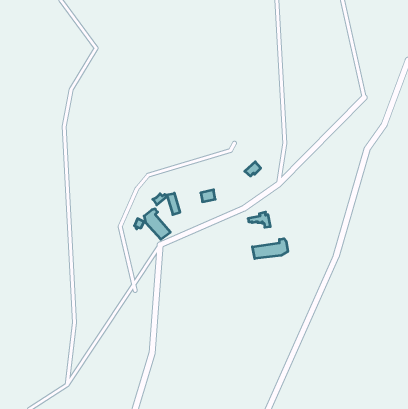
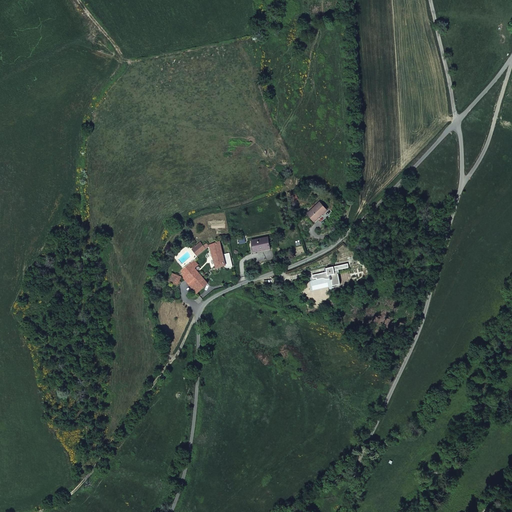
building: [252,239,288,259] -> none

